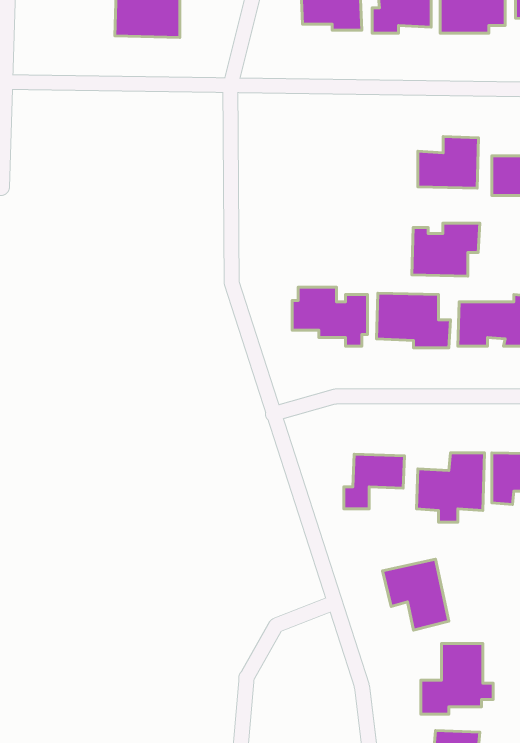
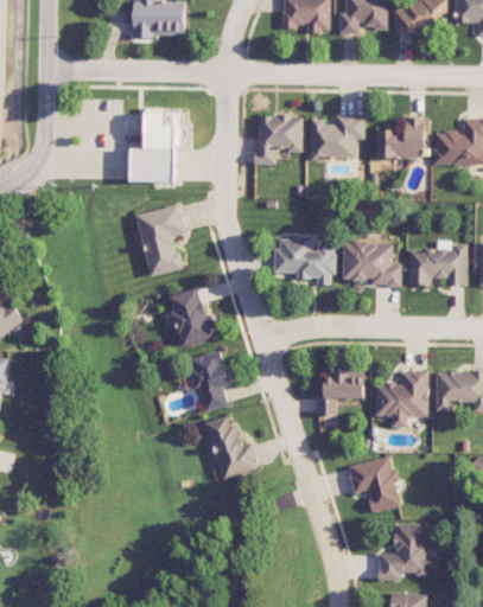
building: none -> [131,106,184,179]
building: none -> [255,115,301,165]
building: [412,223,480,276] -> [310,115,364,158]
building: none -> [135,204,185,275]
building: none -> [167,286,214,346]
building: none -> [190,350,231,411]
building: none -> [206,414,259,479]

